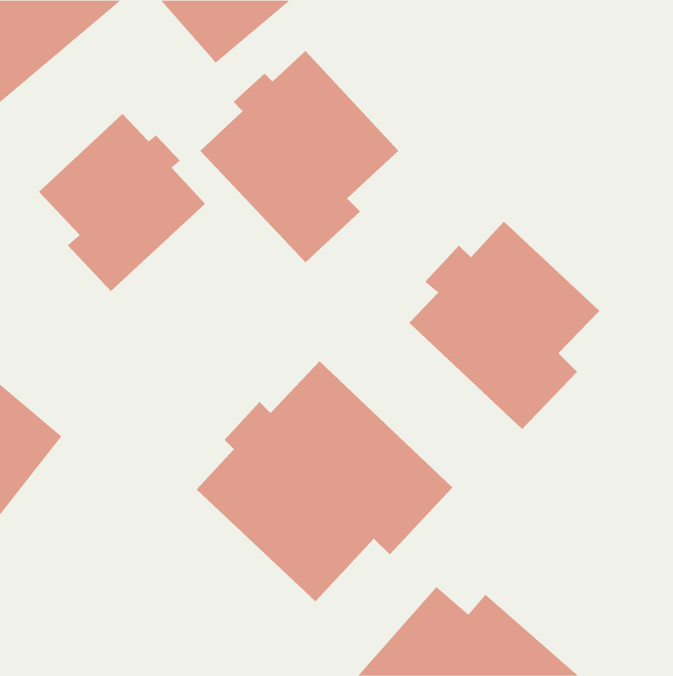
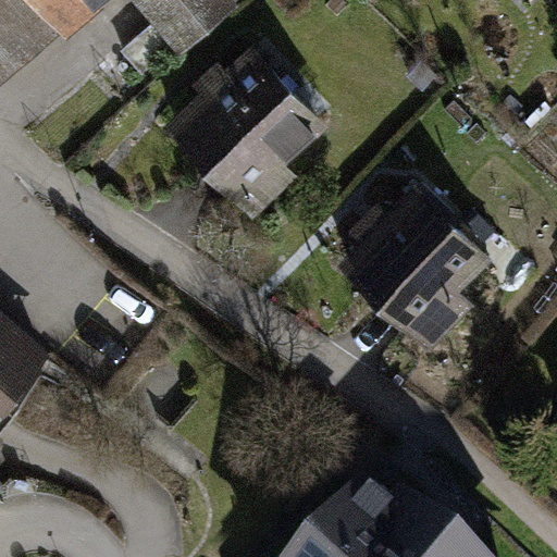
building: [38,113,206,292] -> none
building: [196,361,453,602] -> none

